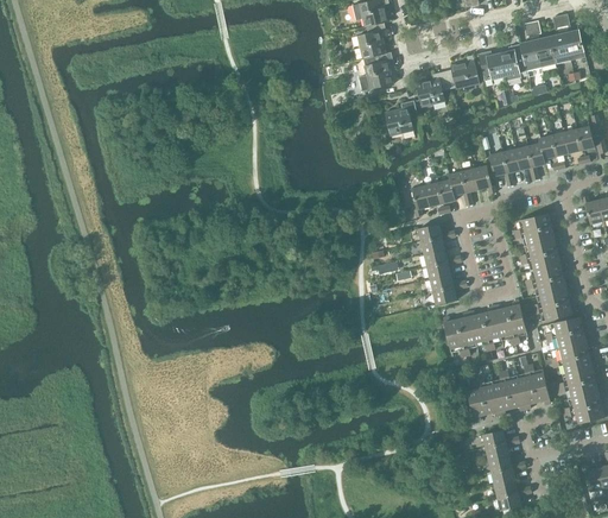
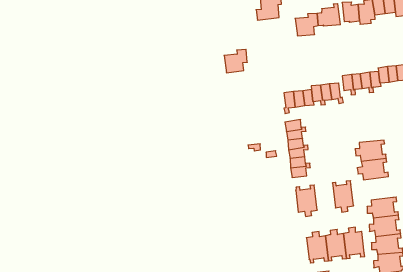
building: [384,101,417,137] -> [224,49,247,73]
building: [513,213,558,246] -> none
building: [531,289,576,322] -> none
building: [468,307,501,352] -> none

